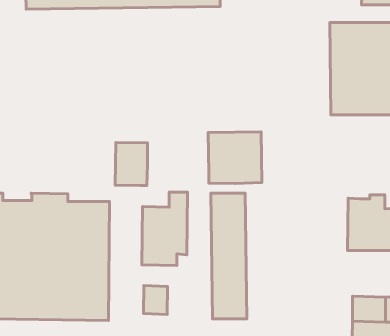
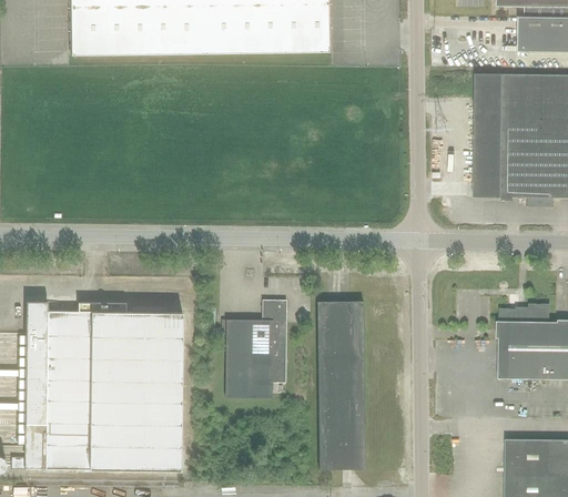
building: [208,132,262,183] -> none
building: [115,143,148,186] -> none
building: [144,286,167,314] -> none

